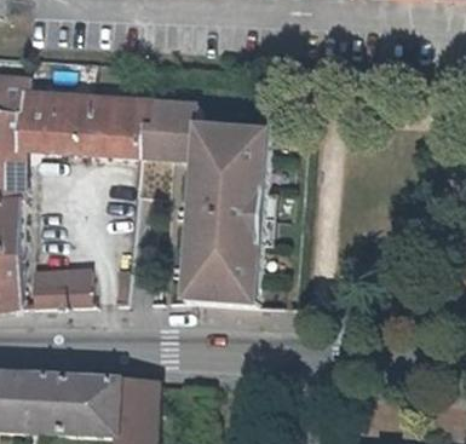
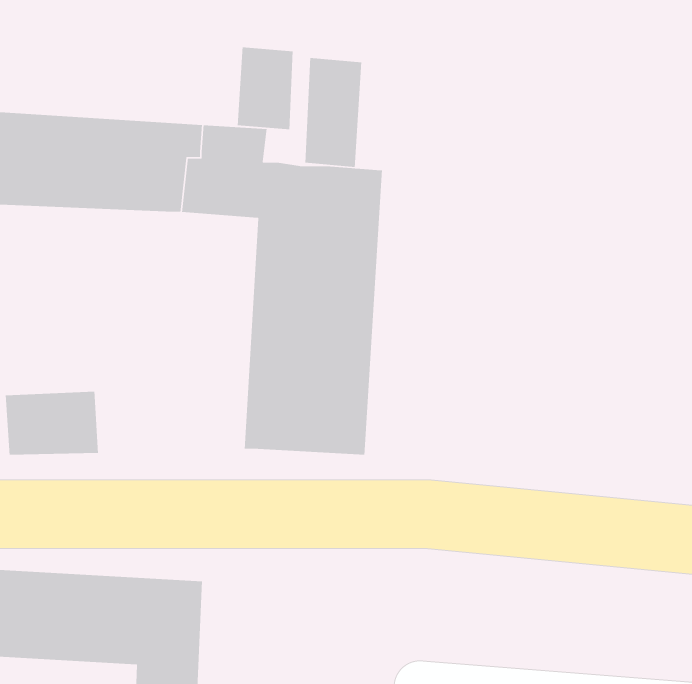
building: none -> [237,46,293,130]
building: none -> [305,57,362,168]

